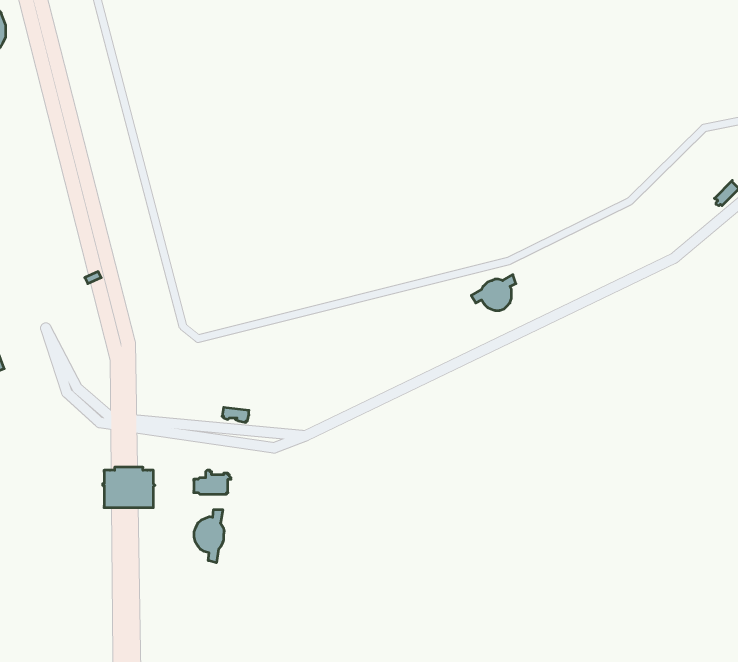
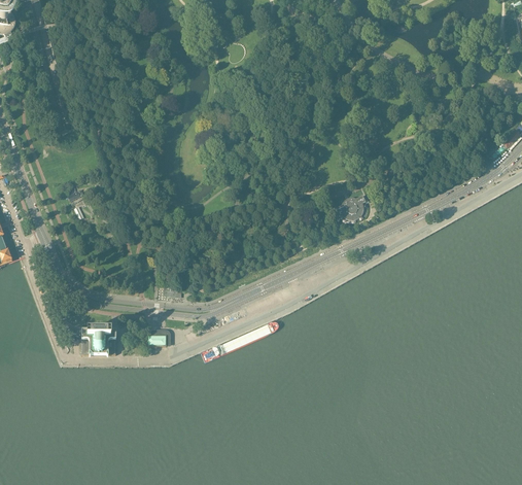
building: [194,510,224,563] -> none

